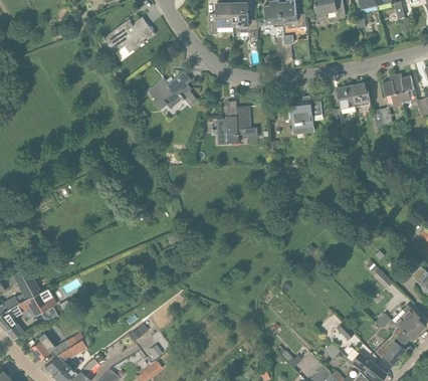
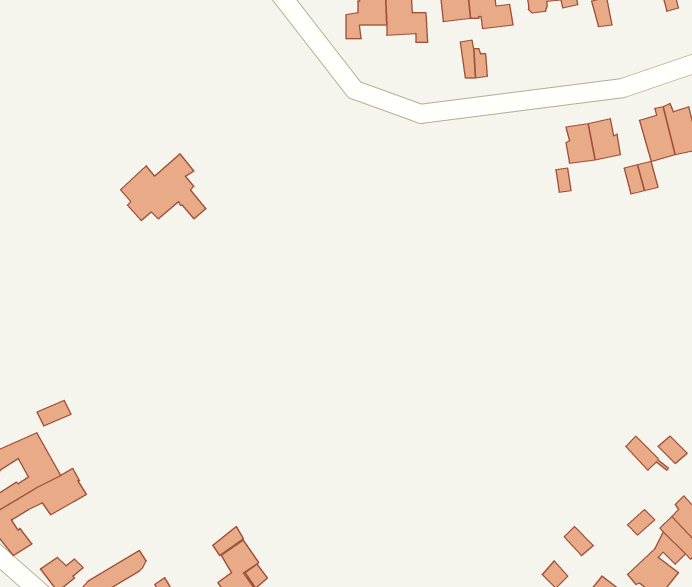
building: [104,17,155,53] -> none
building: [149,70,199,110] -> [121,154,206,220]
building: [285,96,324,130] -> none
building: [226,101,251,144] -> none

